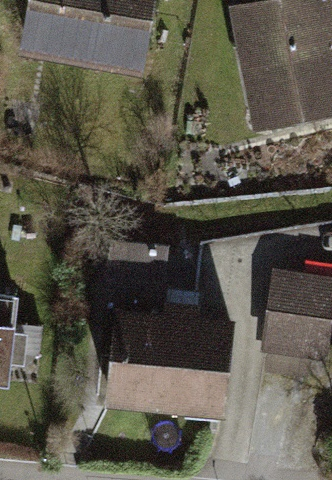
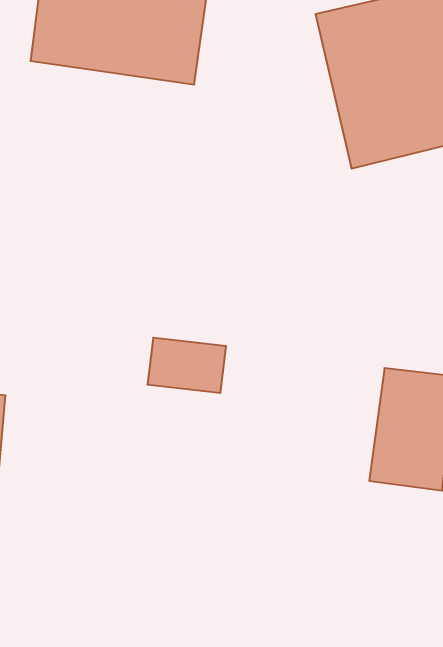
building: [104,298,228,413] -> none

